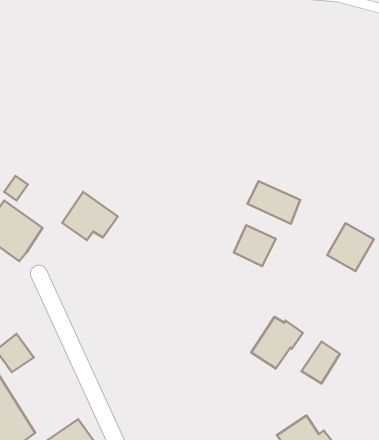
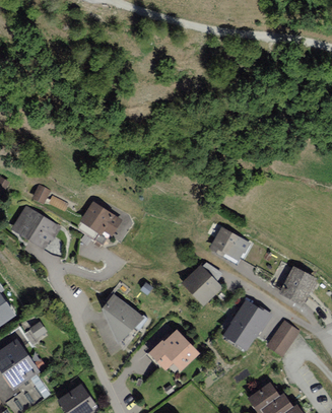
building: [248,181,300,224] -> none
building: [327,223,374,271] -> [280,266,319,305]
building: none -> [183,266,222,305]
building: none -> [105,293,146,349]
building: none -> [150,330,200,372]

